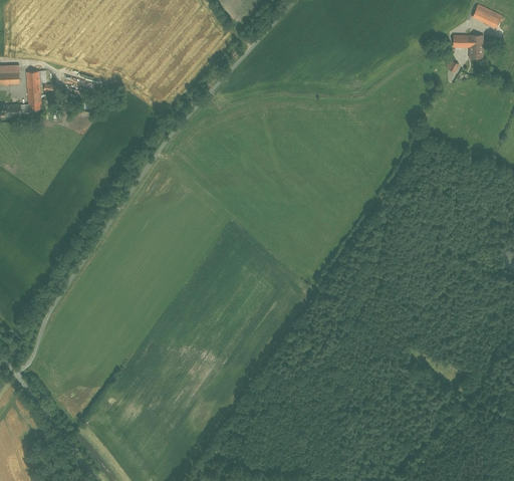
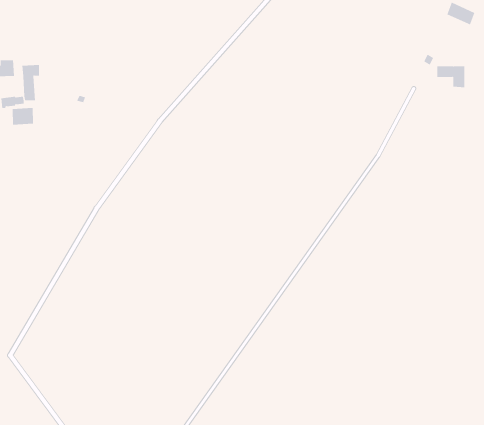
building: [451,36,481,59] -> [436,66,465,88]
building: none -> [12,107,34,125]

